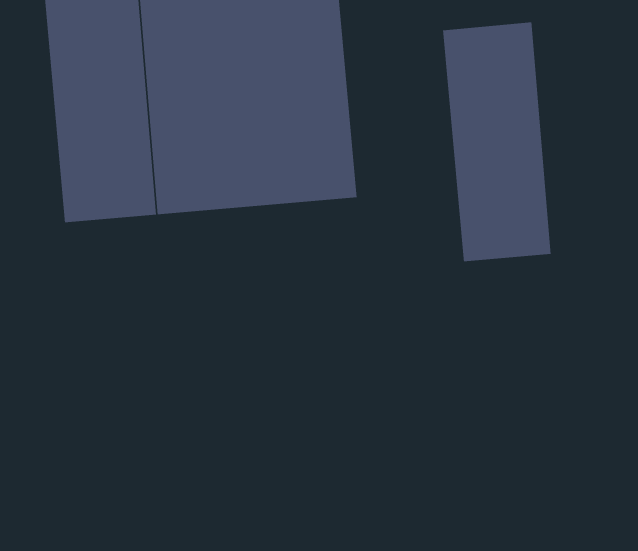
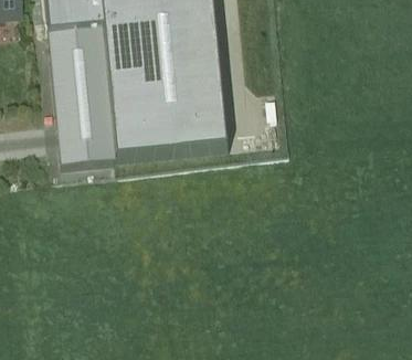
building: [442,22,551,262] -> none

